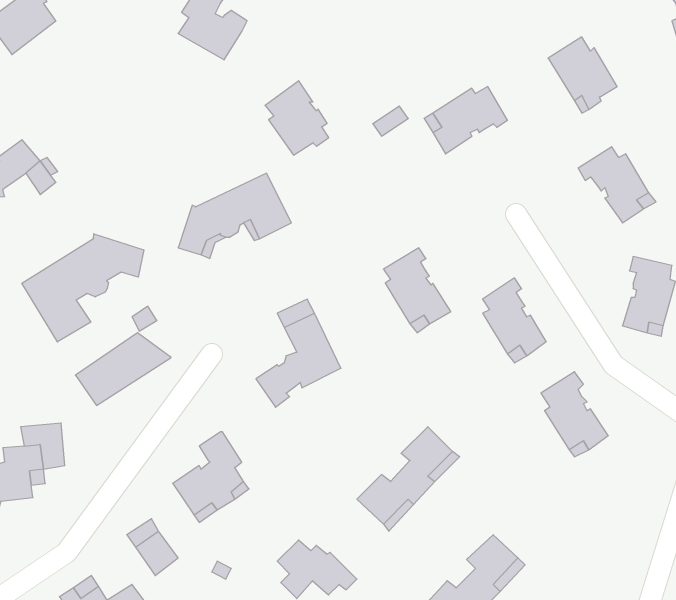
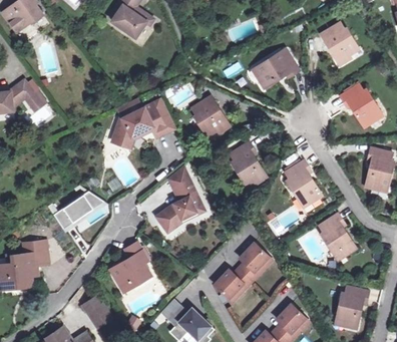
building: [265,81,329,155] -> [191,94,228,136]
building: [22,234,144,342] -> none
building: none -> [337,286,370,329]

